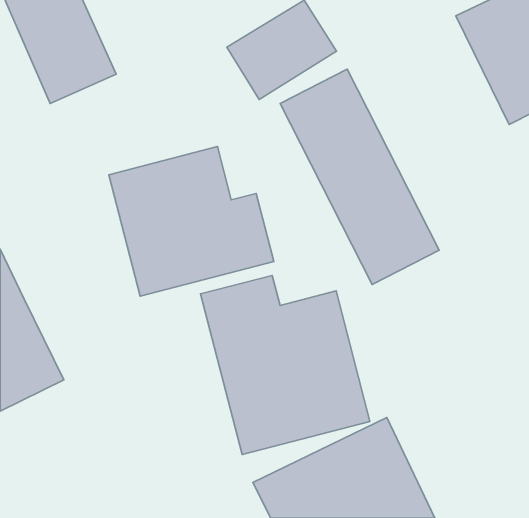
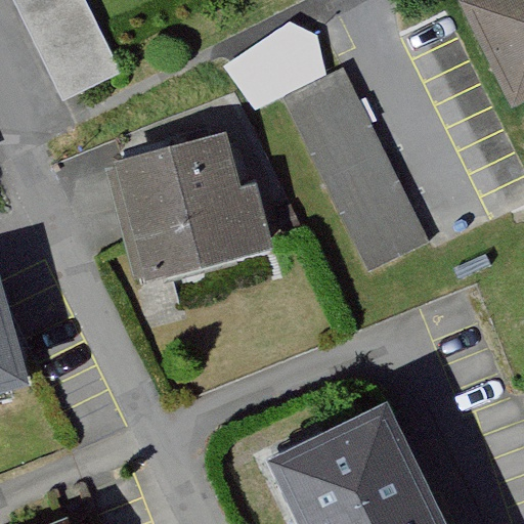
building: [201,275,370,455] -> none

